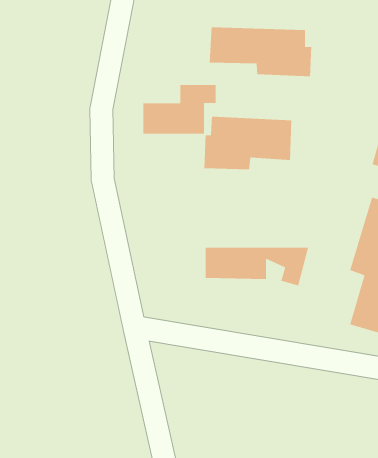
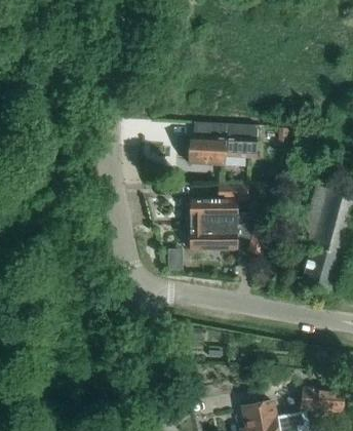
building: [209,26,312,77] -> none
building: [142,84,217,134] -> [190,185,247,224]

